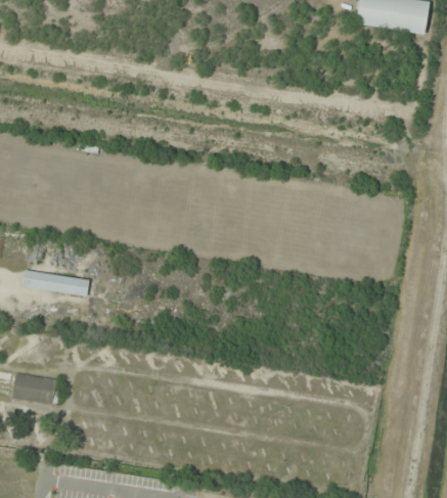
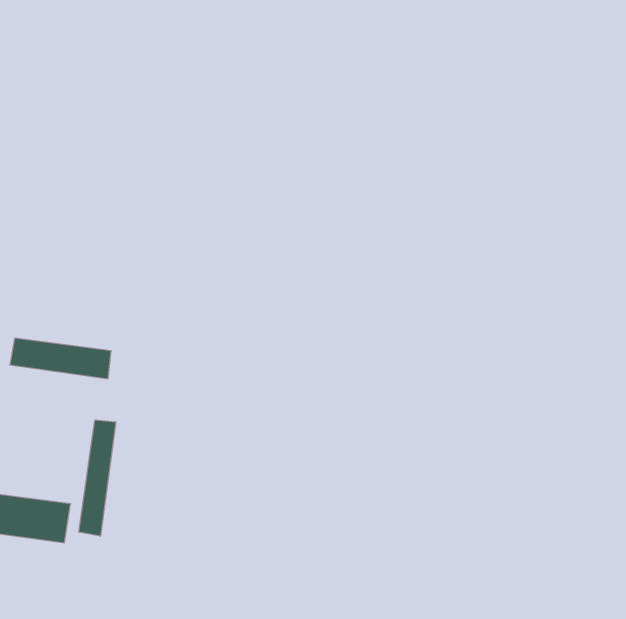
building: none -> [79,420,116,536]

